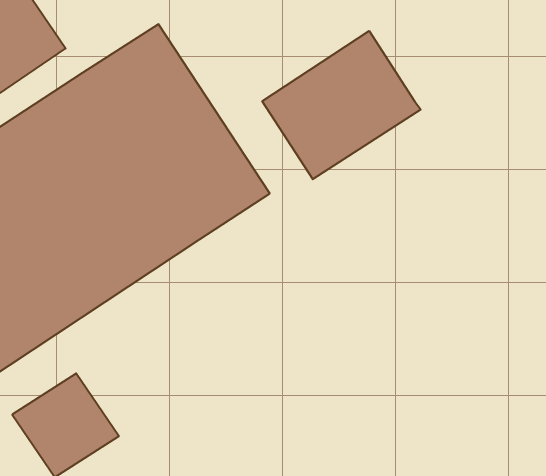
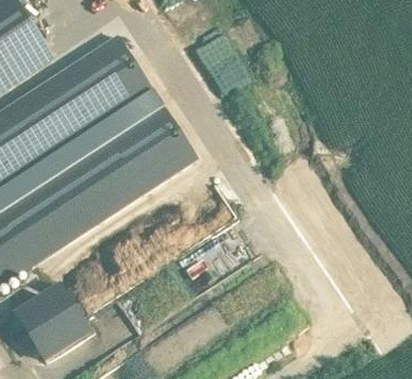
building: [262,31,421,179] -> none

